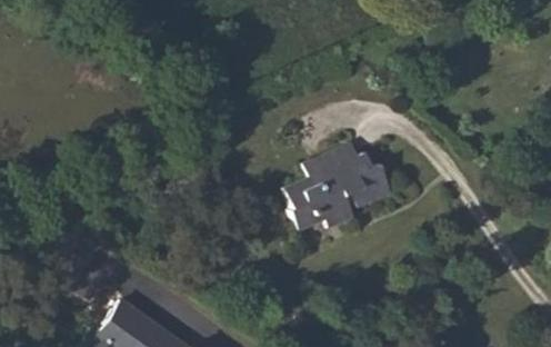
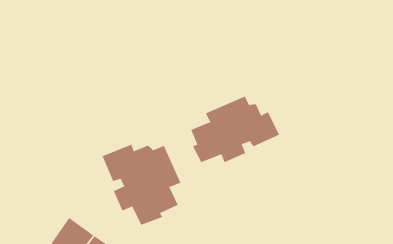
building: none -> [102,144,181,226]

